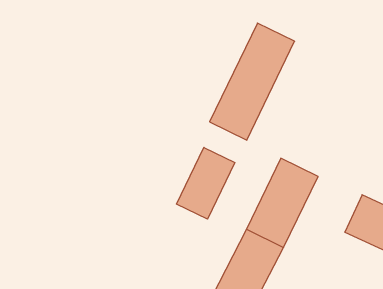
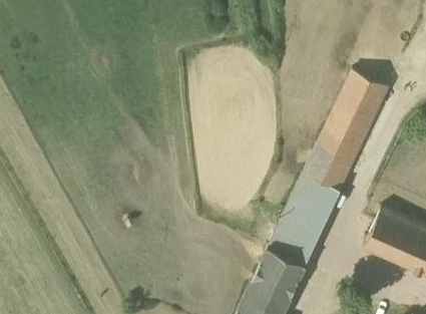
building: [210,23,295,140] -> [304,67,393,190]
building: [176,147,235,219] -> none

